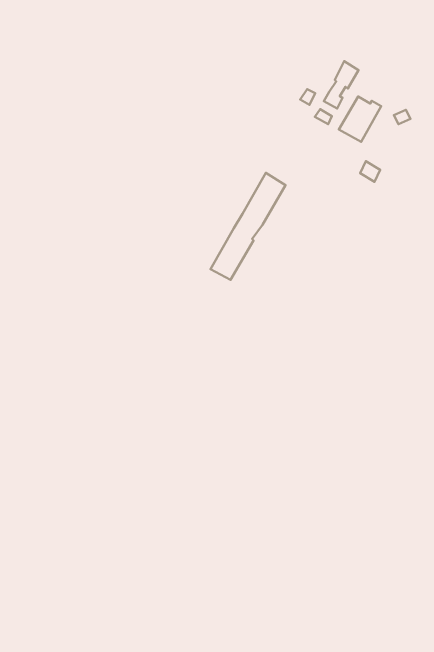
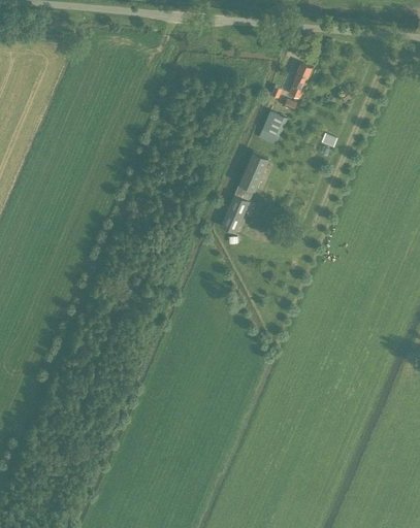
building: [339,97,381,142] -> [258,111,287,144]

